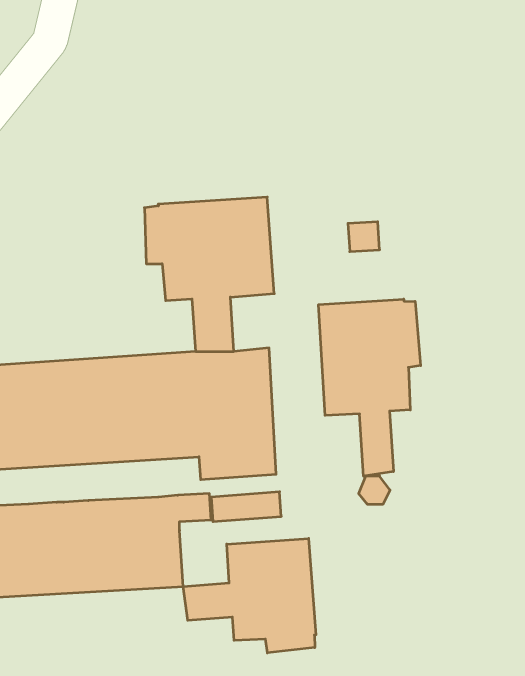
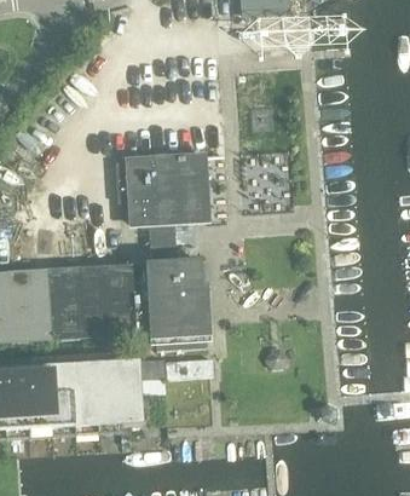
building: [319,299,421,476] -> none
building: [183,538,316,653] -> none

